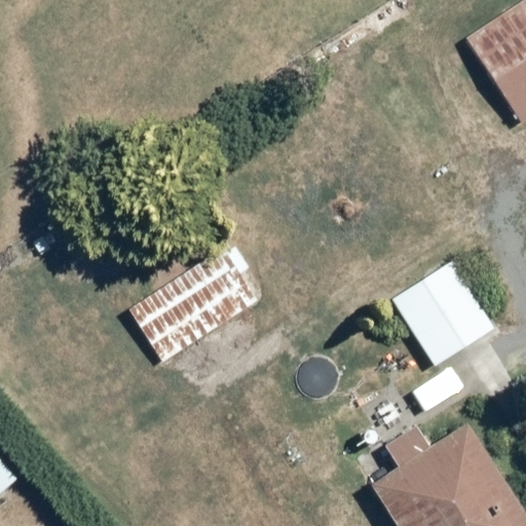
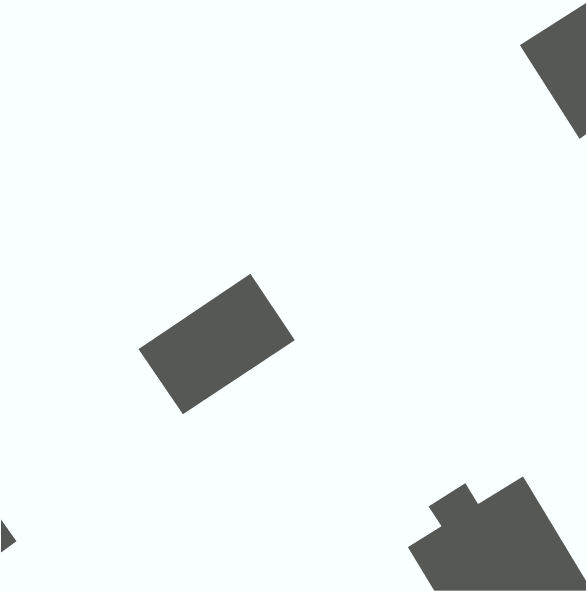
building: [390,256,502,369] -> none

